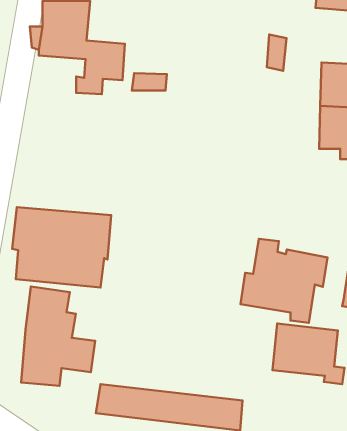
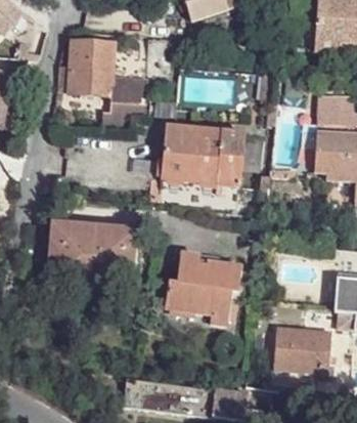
building: none -> [170,130,249,185]
building: [240,239,328,323] -> [163,250,239,324]
building: [21,286,95,386] -> none

